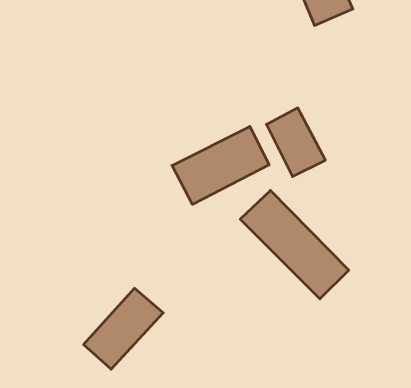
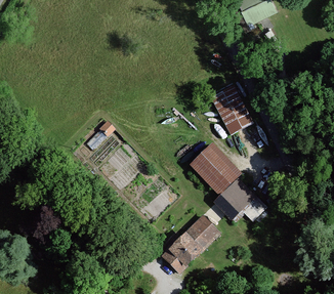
building: [172,126,269,204] -> none
building: [84,288,163,369] -> [162,212,221,272]

